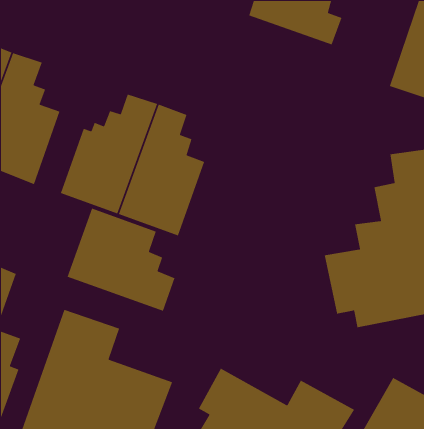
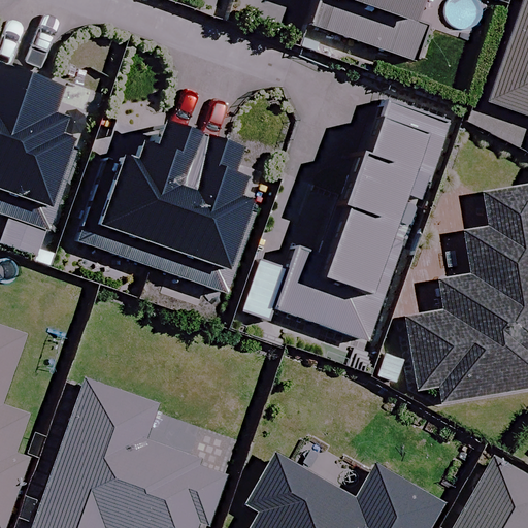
building: none -> [280,101,449,337]
building: [66,207,176,312] -> none

